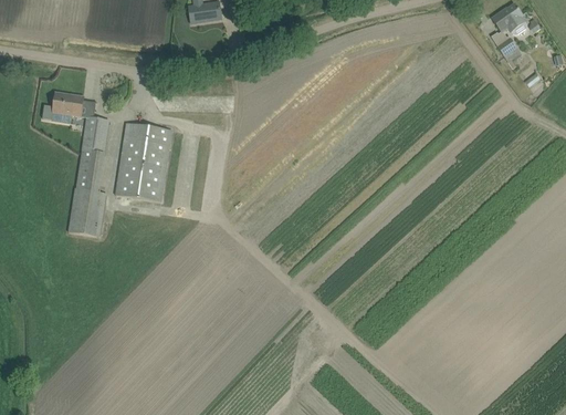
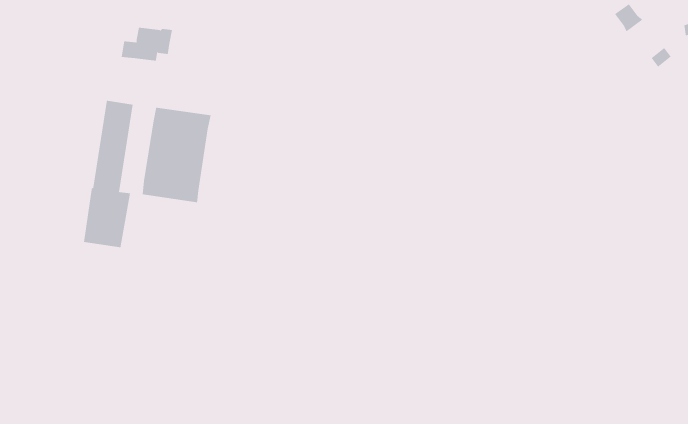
building: [42,92,84,121] -> [121,26,173,61]

